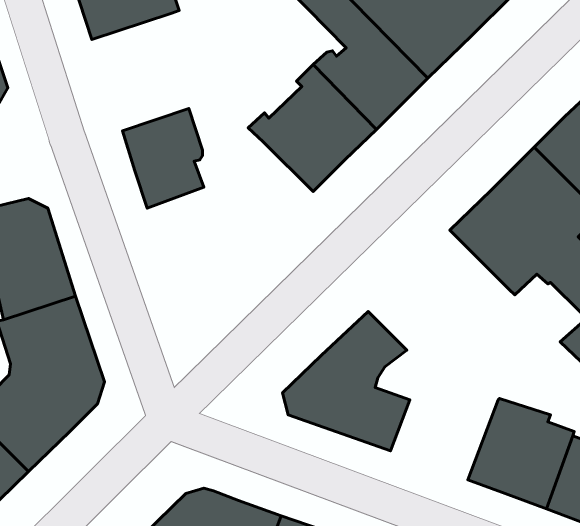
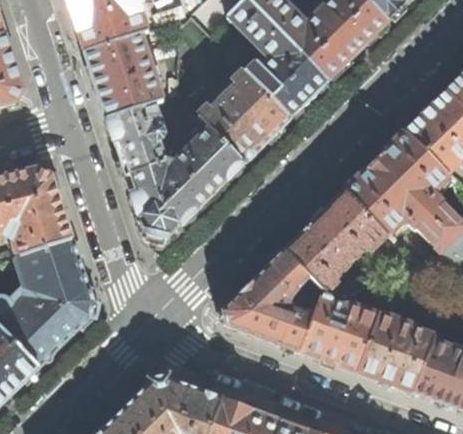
building: none -> [84,33,162,118]
building: none -> [124,126,244,245]
building: none -> [284,190,386,290]
building: none -> [300,297,378,371]

